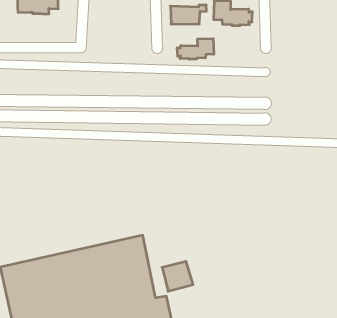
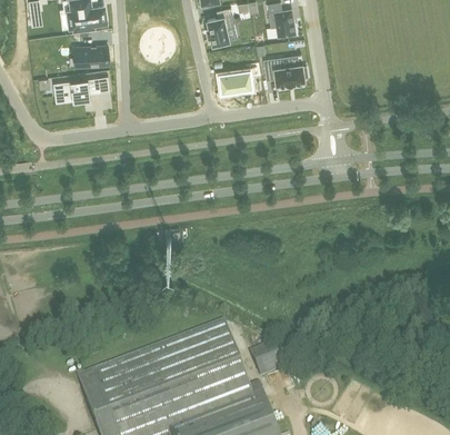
building: [177,39,214,59] -> none

